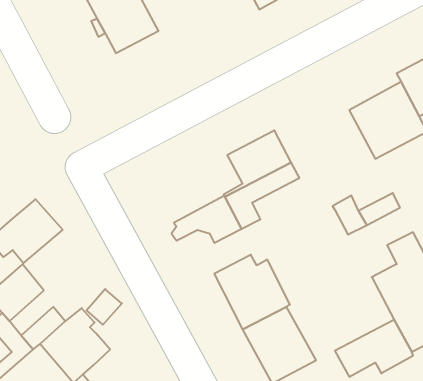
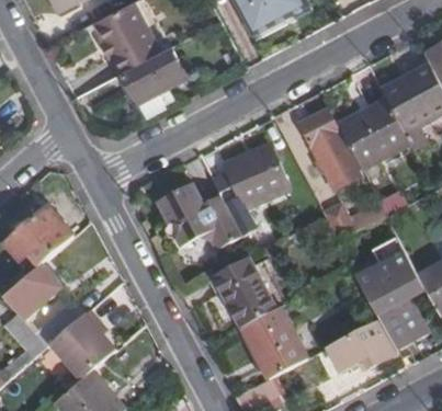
building: none -> [121,46,184,100]
building: none -> [296,109,363,190]
building: none -> [154,183,222,229]

